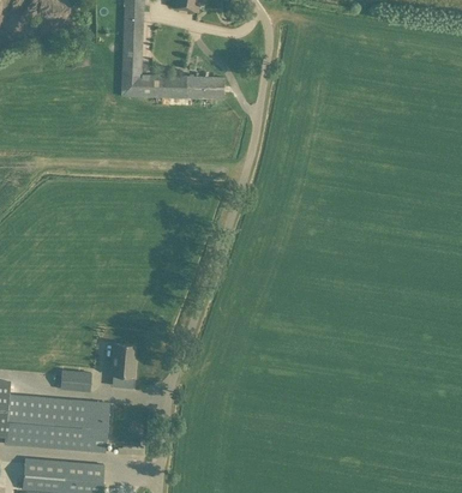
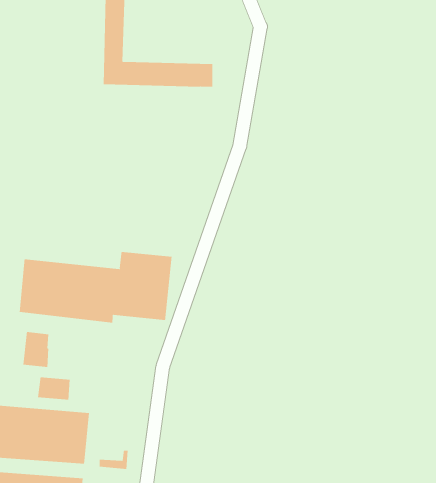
building: none -> [19,251,172,324]
building: [109,343,134,377] -> [22,331,49,367]

